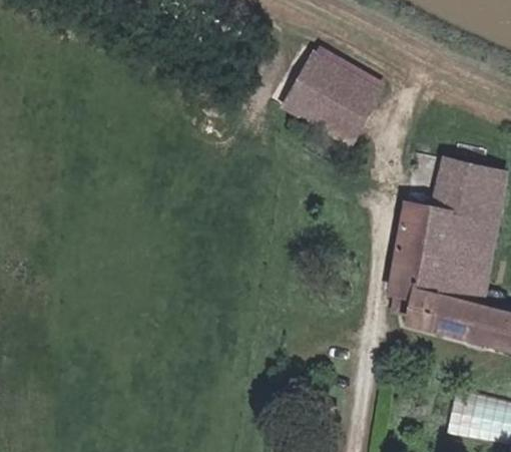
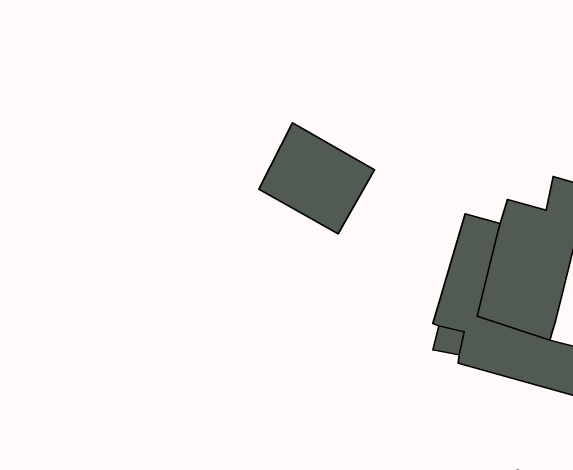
building: [285,43,381,135] -> [259,123,374,234]
building: [446,151,484,189] -> none

